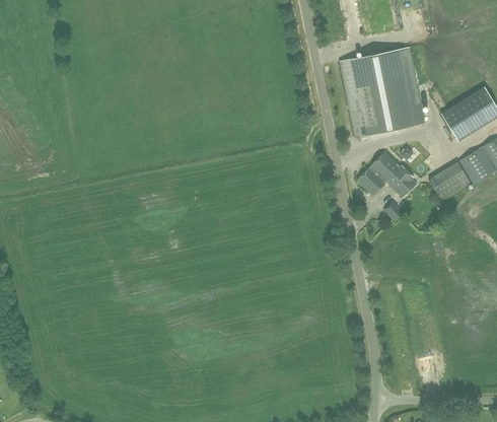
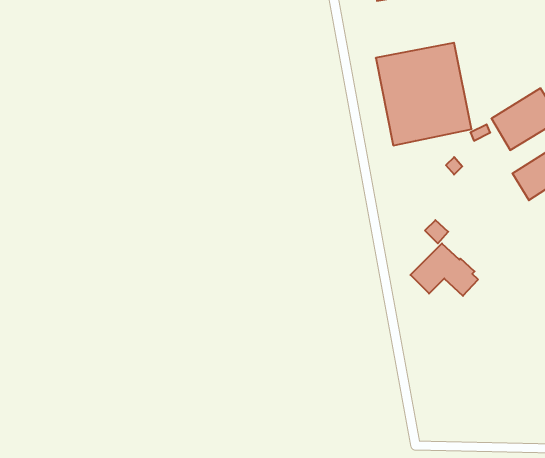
building: [357,151,416,197] -> [410,243,478,296]
building: [428,160,471,201] -> none

